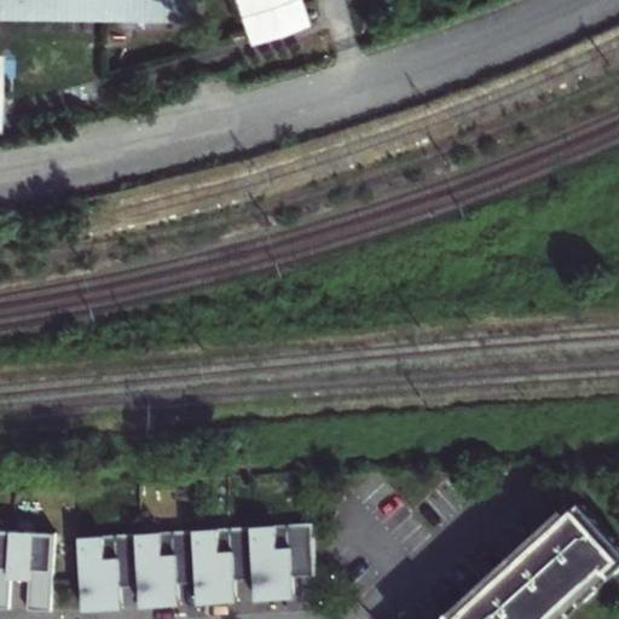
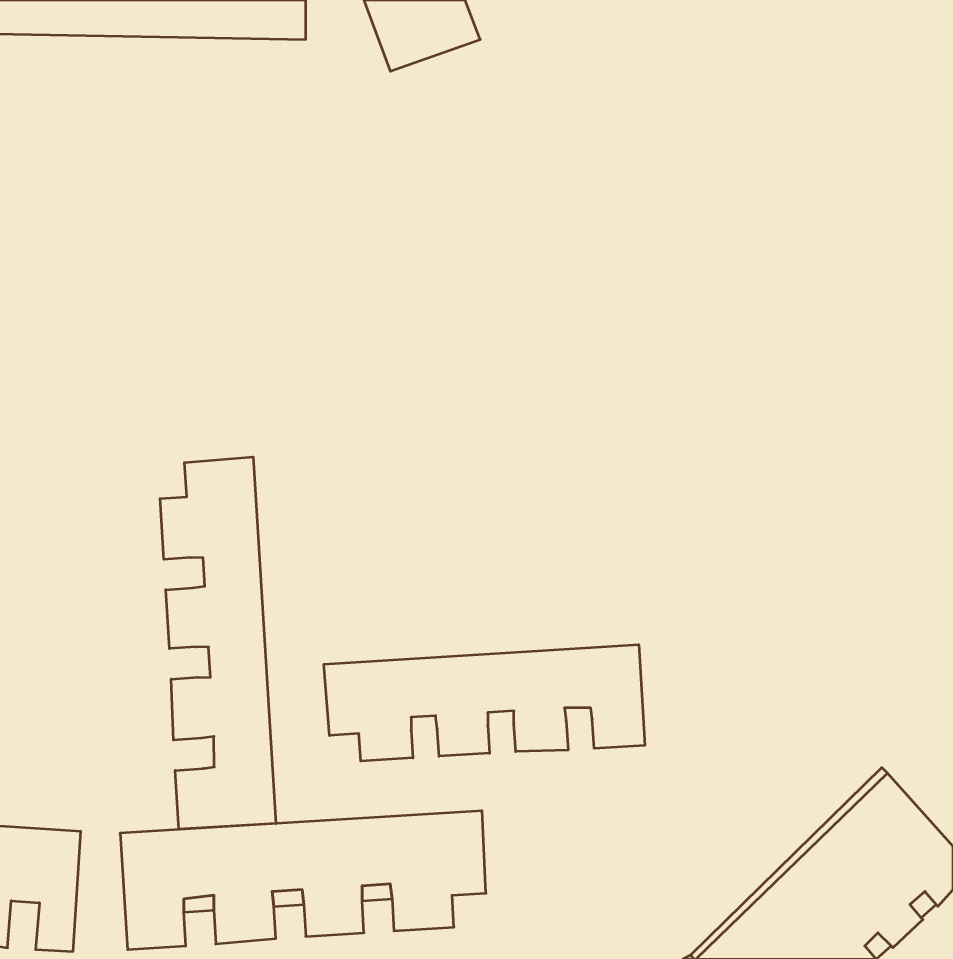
building: none -> [160,457,276,829]
building: none -> [324,645,645,761]

